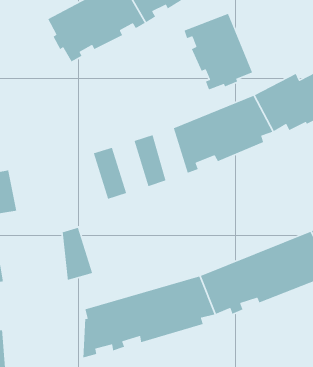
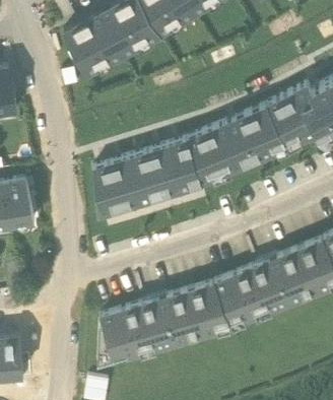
building: [183,13,253,91] -> none
building: none -> [166,137,200,189]
building: none -> [127,149,161,201]
building: [62,227,93,281] -> [91,161,122,214]

